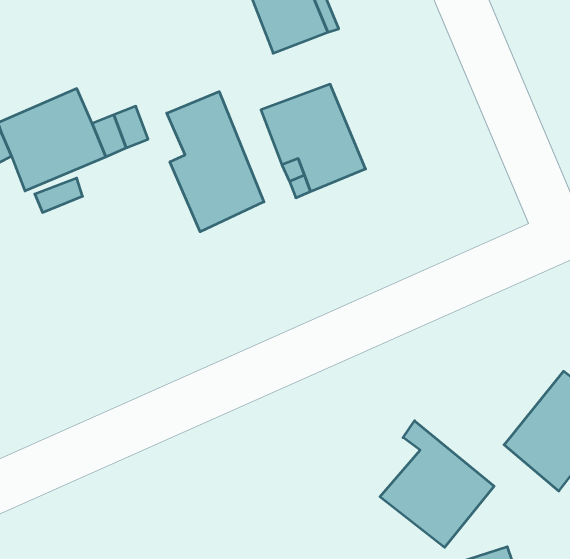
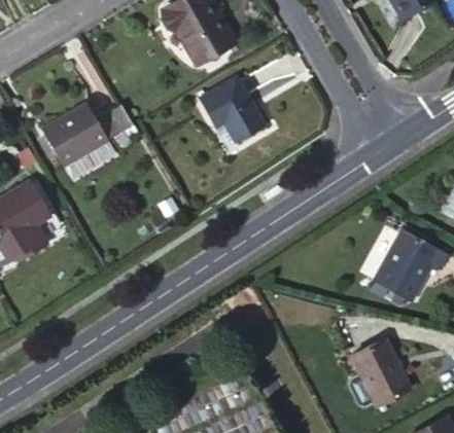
building: [167,92,264,232] -> none
building: [380,421,494,547] -> none

